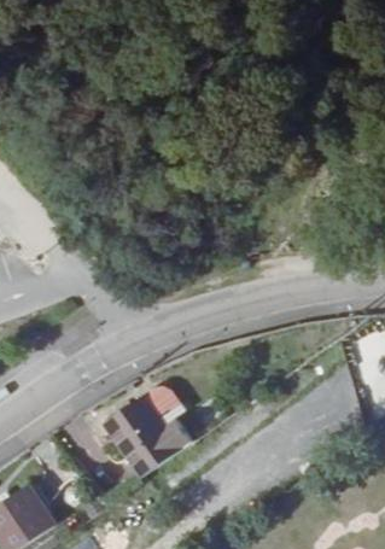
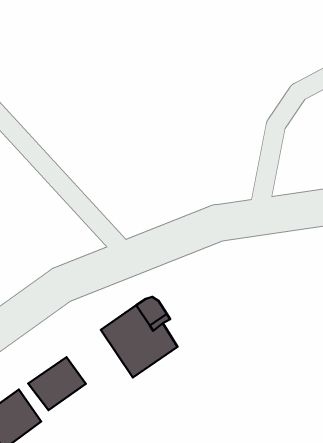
building: none -> [28,357,86,410]

